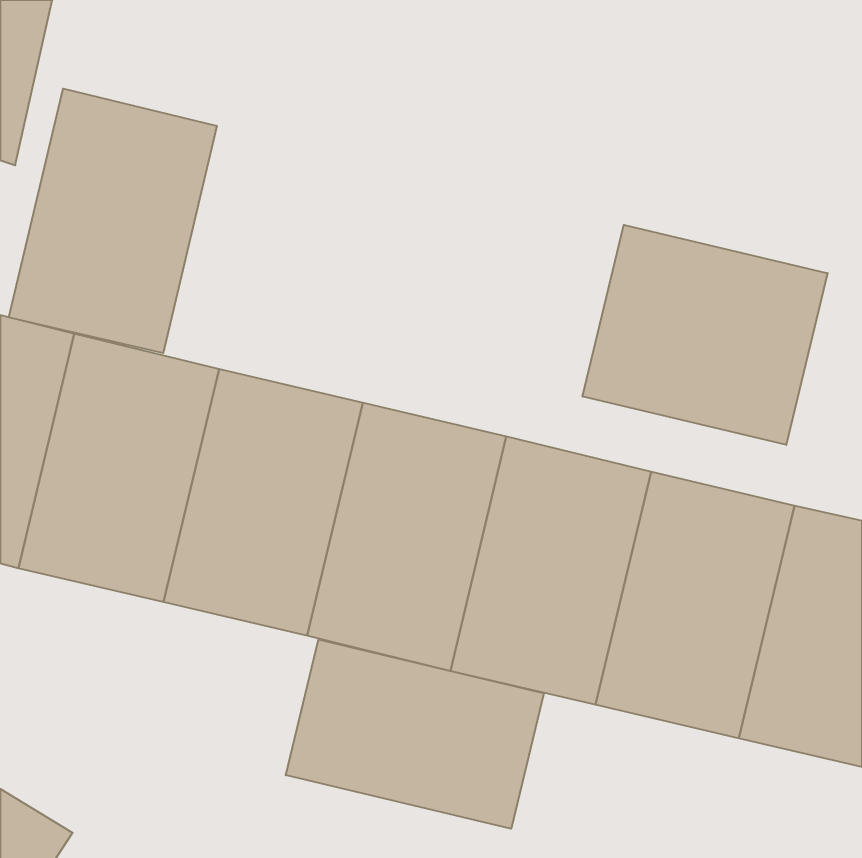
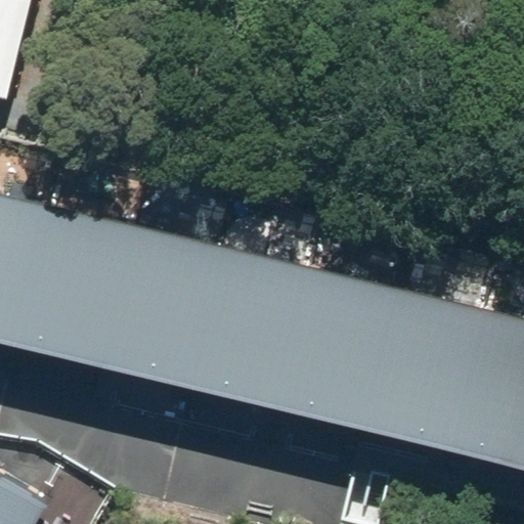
building: [9,89,217,353] -> none
building: [583,225,828,445] -> none
building: [286,640,544,829] -> none

